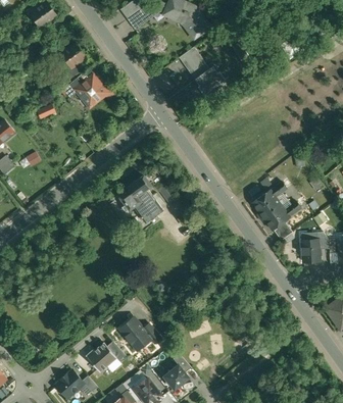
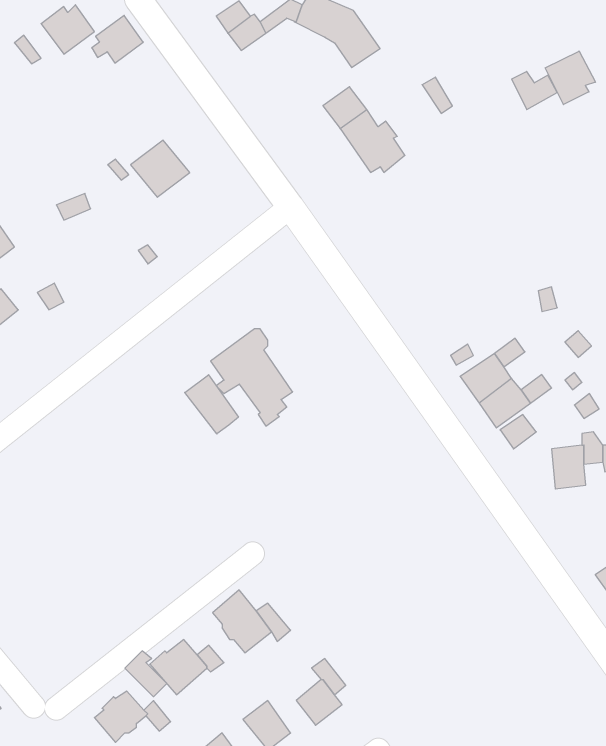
building: none -> [545,51,595,105]
building: [59,41,87,66] -> [92,15,143,63]
building: none -> [185,375,238,434]

